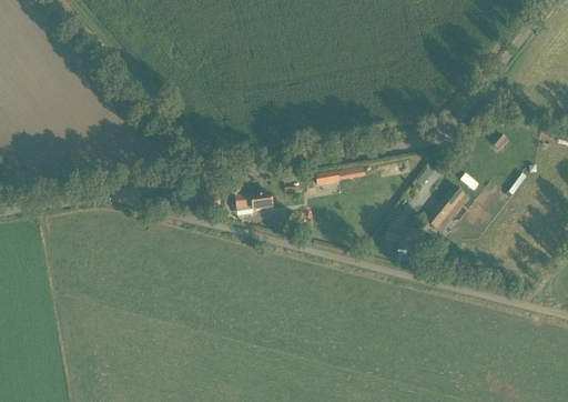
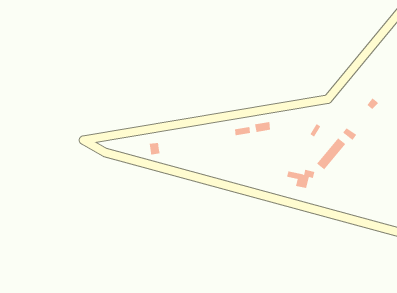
building: [239,194,276,212] -> none

